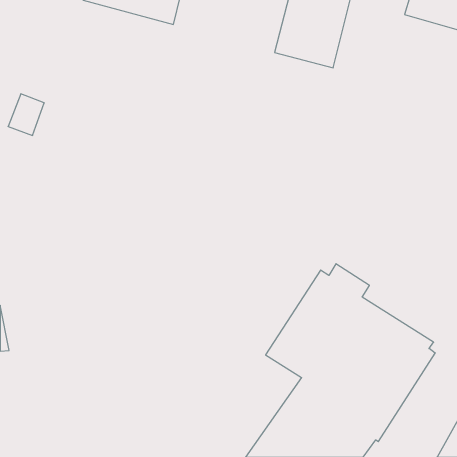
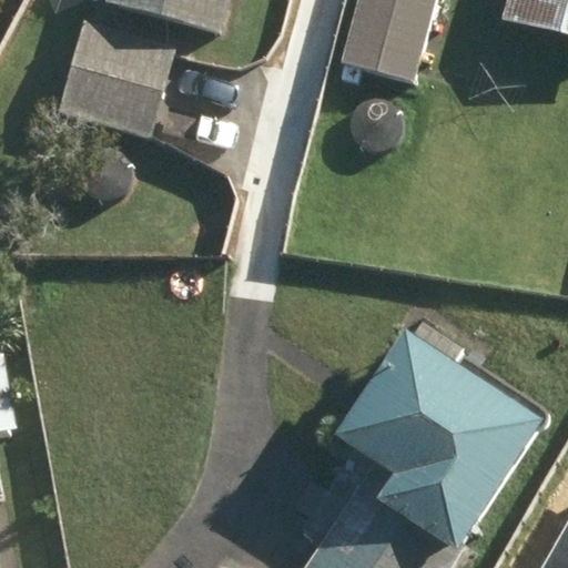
building: none -> [58,21,176,138]

